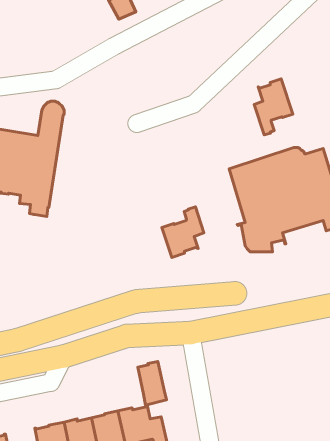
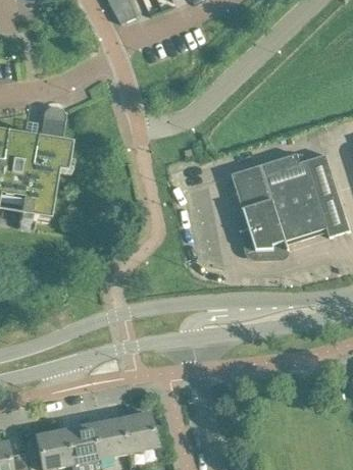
building: [254,79,293,135] -> none
building: [162,207,204,258] -> none
building: [138,361,167,405] -> none

